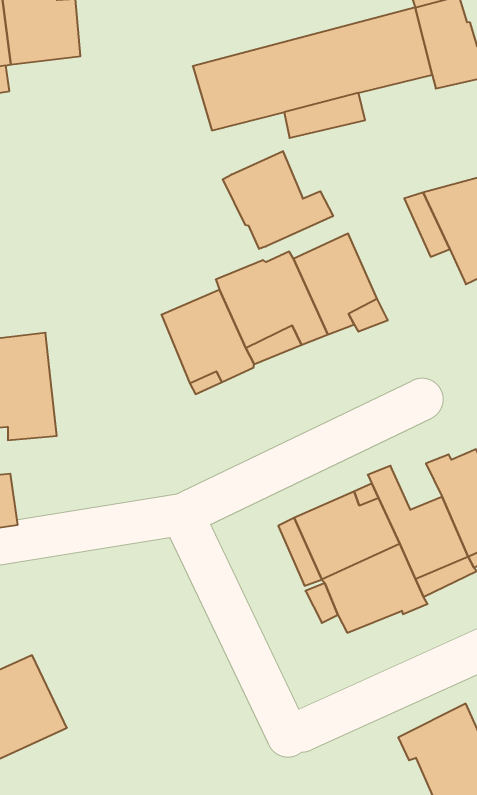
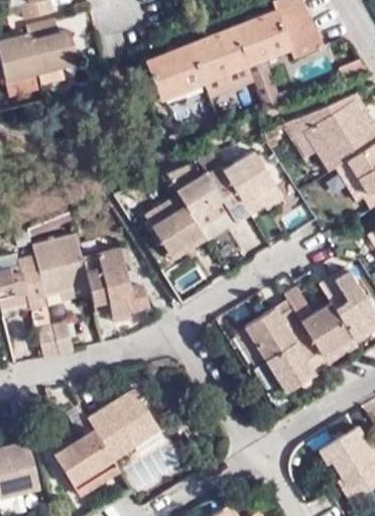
building: [223,151,333,249] -> none
building: none -> [83,246,149,320]
building: none -> [86,389,159,459]

